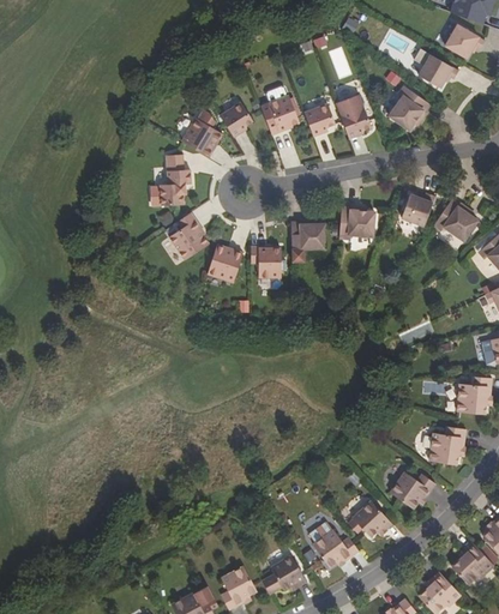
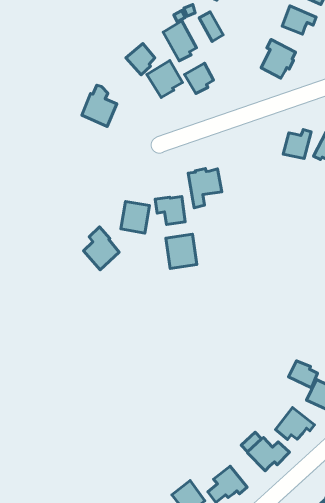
building: [335,94,369,138] -> [163,21,197,61]
building: [218,102,251,137] -> [126,43,155,75]
building: [152,155,191,206] -> none
building: [339,205,374,237] -> none
building: [169,212,209,260] -> [84,227,119,270]
building: none -> [166,234,197,268]
building: none -> [288,361,318,388]

